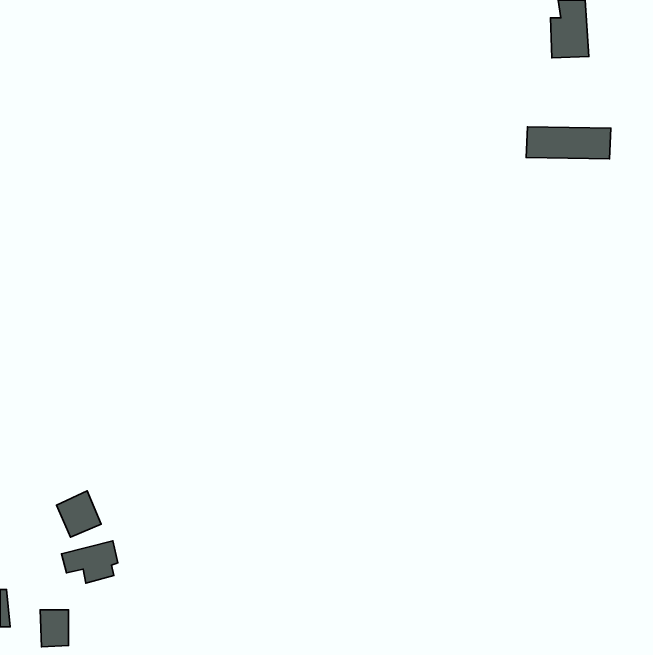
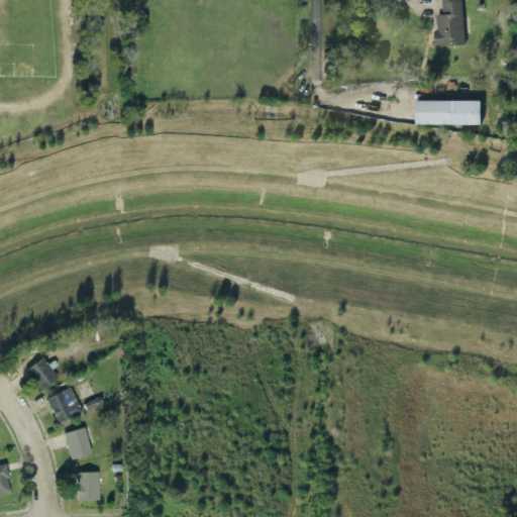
building: none -> [23,356,57,391]
building: [40,610,68,647] -> [76,472,98,501]

